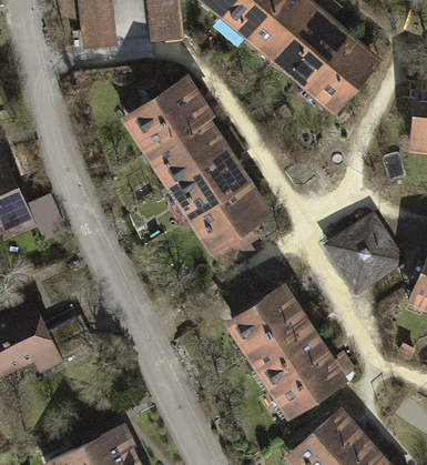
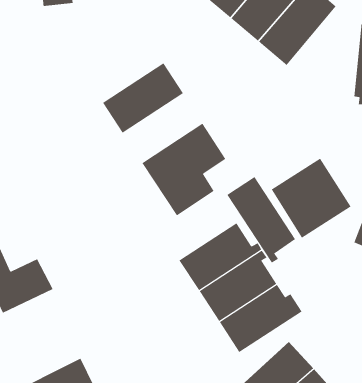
building: [120,74,209,154] -> none
building: [165,144,250,223] -> none
building: none -> [226,176,296,263]

